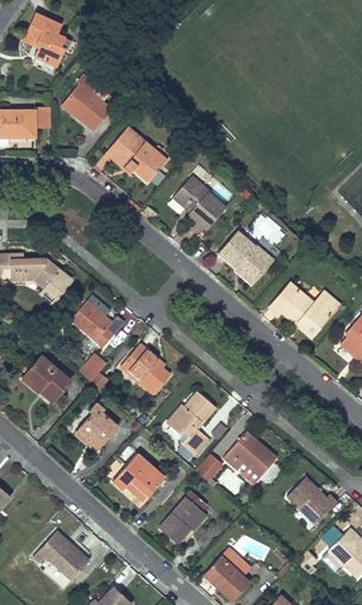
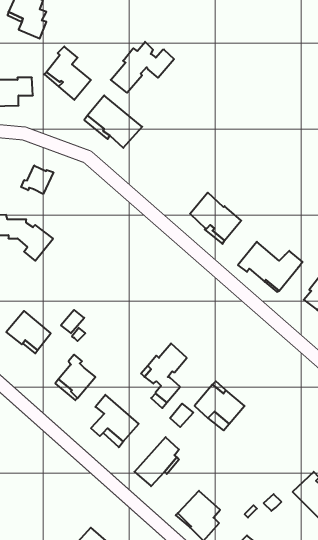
building: none -> [111,42,174,93]
building: [173,175,225,229] -> none
building: none -> [21,165,53,194]
building: [70,297,113,347] -> none
building: [120,343,169,394] -> none
building: [286,476,337,524] -> none
building: [31,530,89,582] -> none

